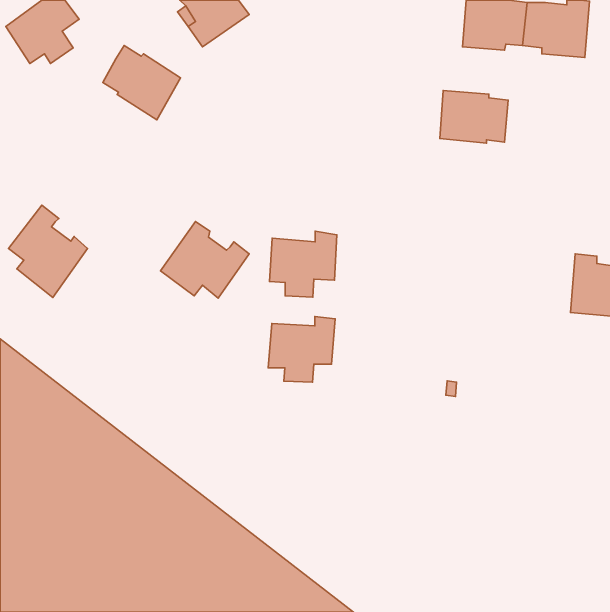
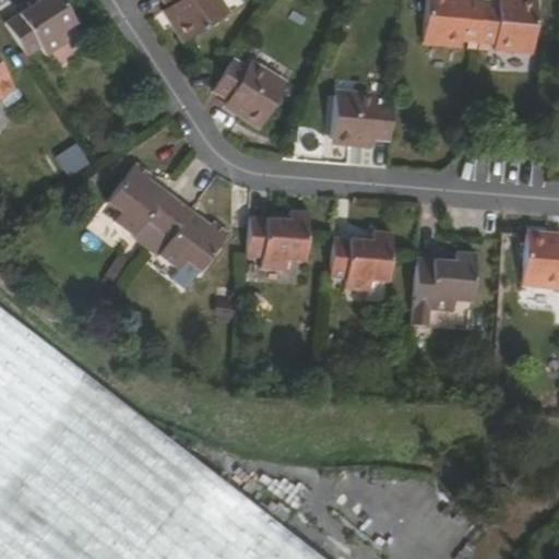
building: [103,45,181,120] -> [215,58,286,126]
building: [440,91,508,143] -> [332,96,394,144]
building: [8,205,87,297] -> [108,163,180,247]
building: none -> [412,252,475,326]
building: [268,316,335,382] -> [331,231,392,292]

